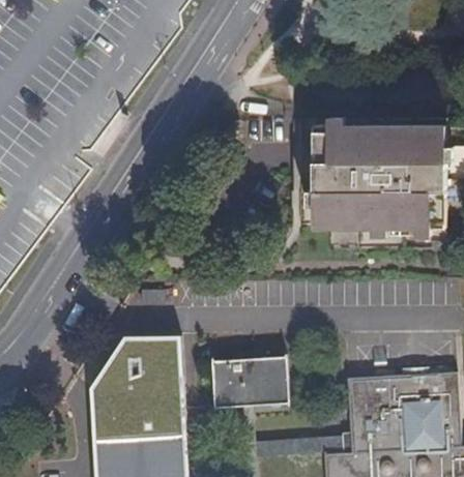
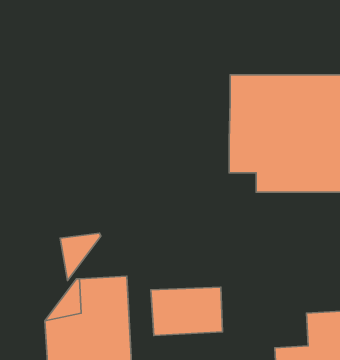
building: none -> [60,233,101,280]
building: [344,379,383,417] -> none

